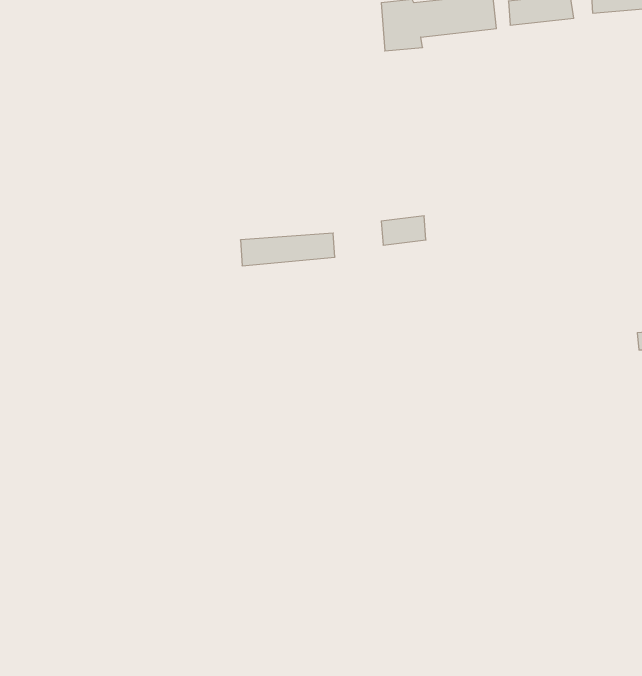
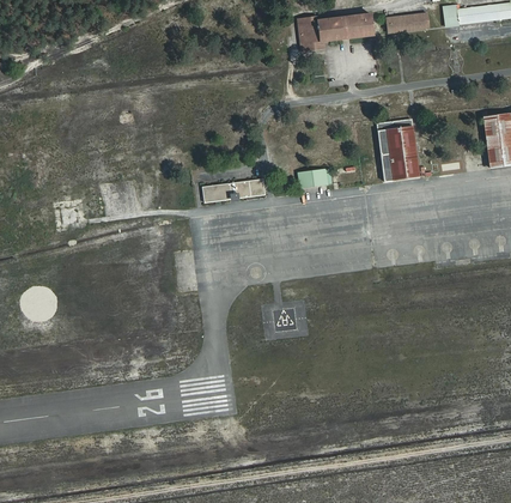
building: none -> [377,117,421,180]

